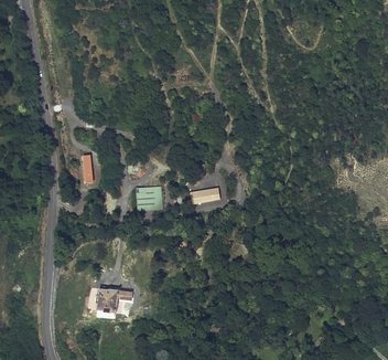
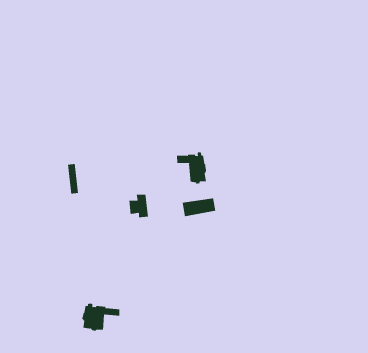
building: none -> [177,151,207,184]

